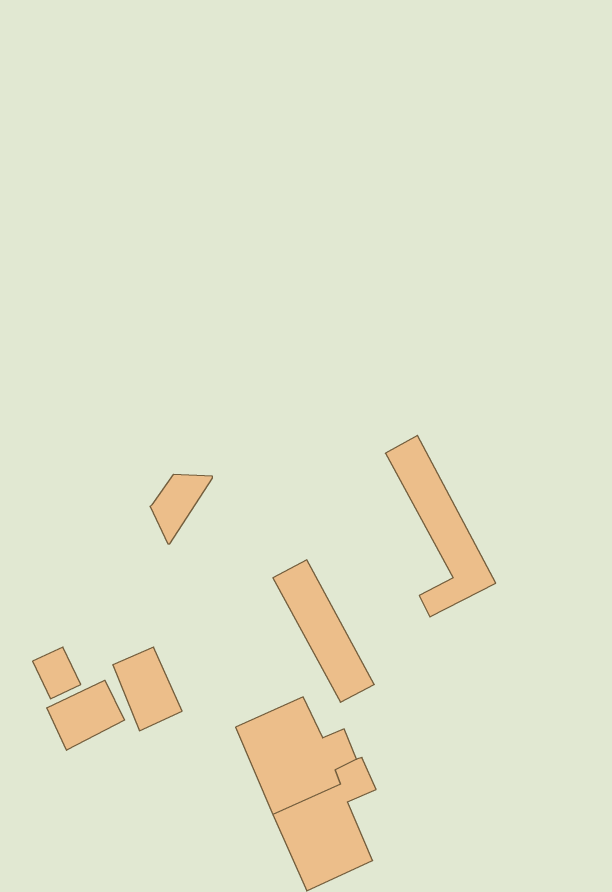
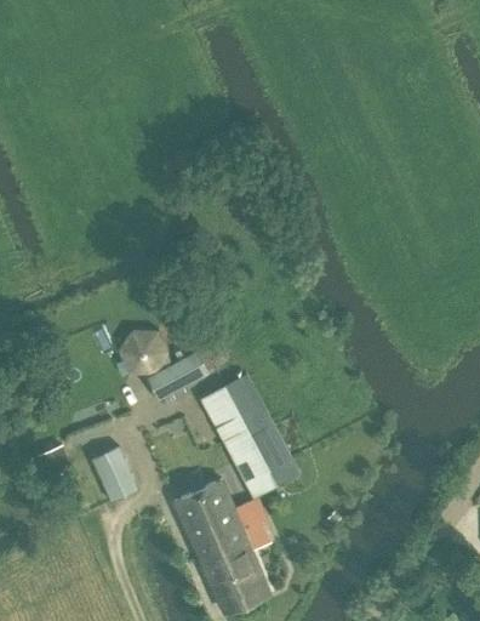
building: [385,435,496,617] -> [224,375,299,498]
building: none -> [147,354,202,401]
building: [47,680,124,750] -> none

